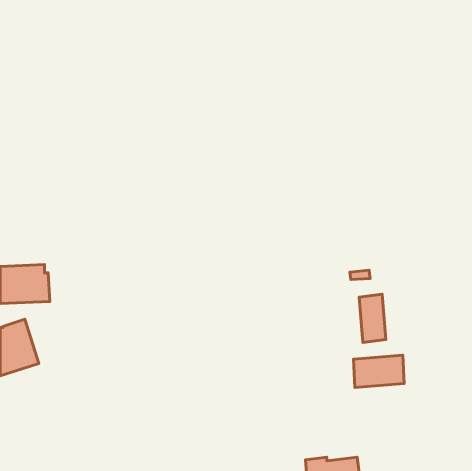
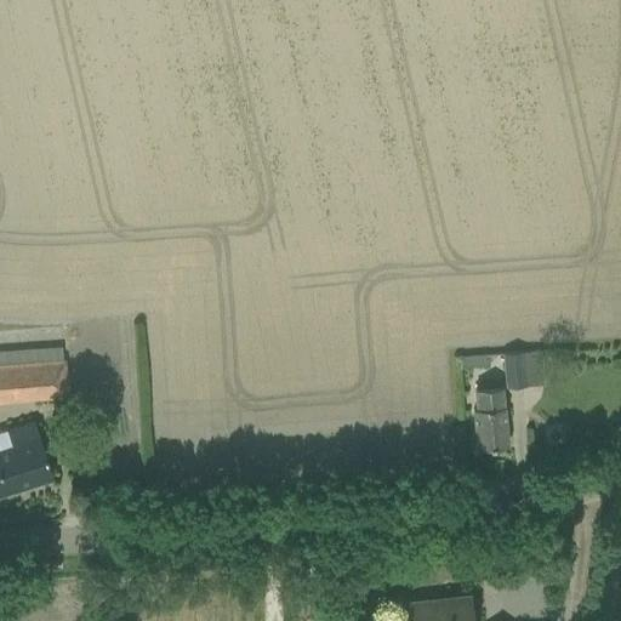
building: none -> [503,352,545,389]
building: [354,355,404,388] -> none

